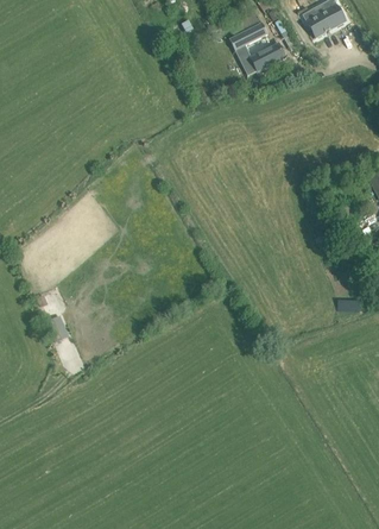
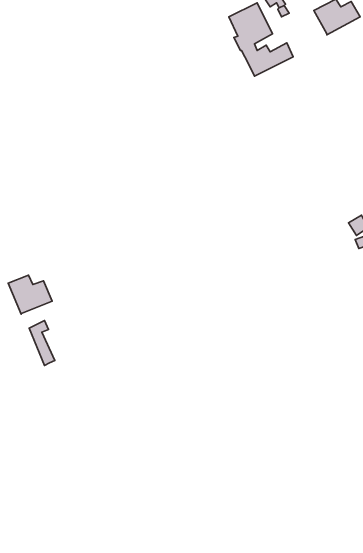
building: none -> [8,275,52,314]

